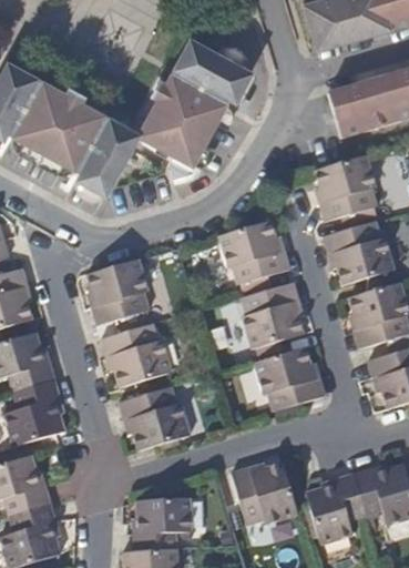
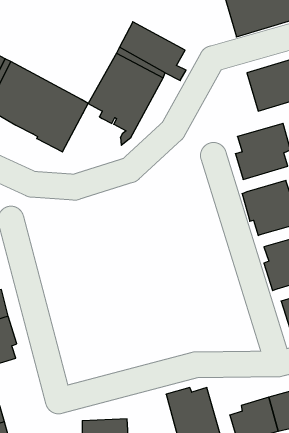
building: [216,221,289,282] -> none
building: [85,258,147,322] -> none
building: [239,282,304,344] -> none
building: [100,324,171,385] -> none
building: [253,346,325,409] -> none
building: [119,386,191,450] -> none

